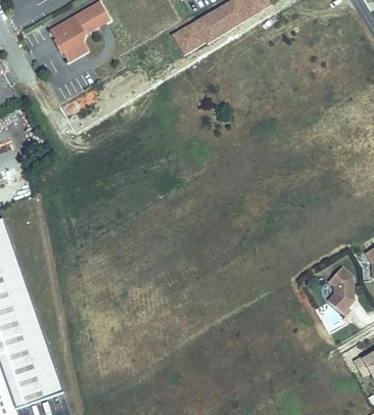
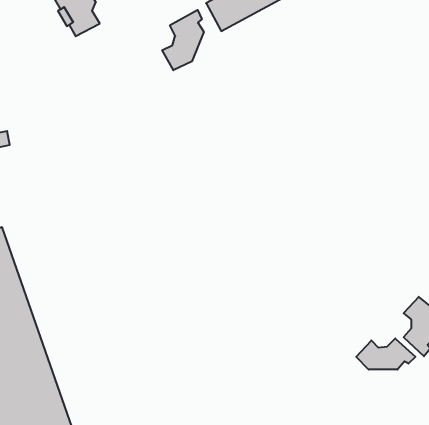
building: none -> [162,10,204,70]
building: none -> [356,338,415,370]

